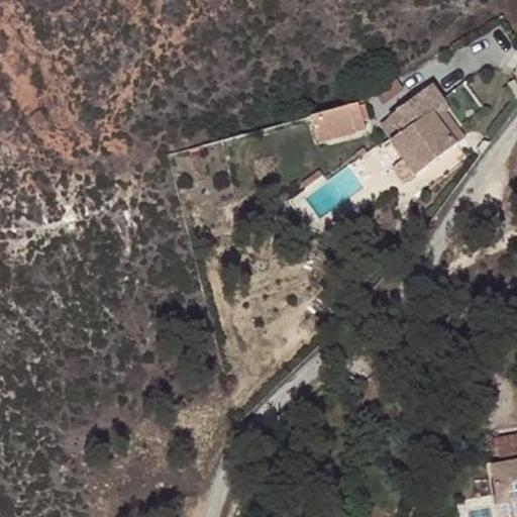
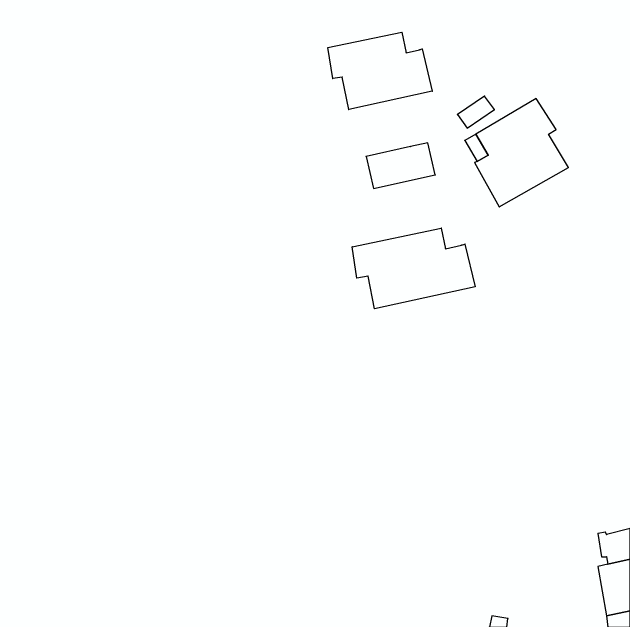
building: none -> [328,32,432,110]
building: none -> [352,228,475,309]

